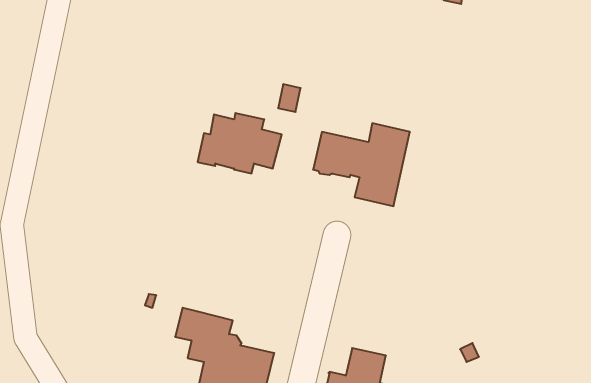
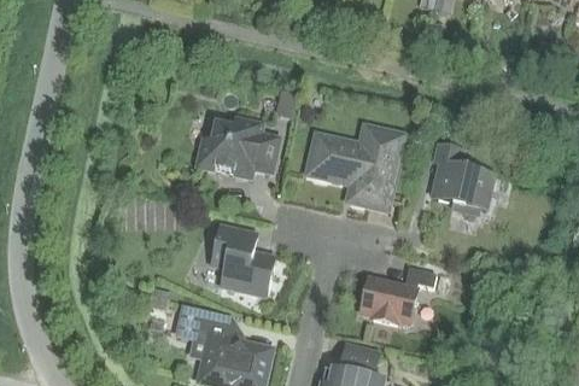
building: none -> [432,140,493,210]
building: none -> [211,224,275,292]
building: none -> [361,264,437,321]

